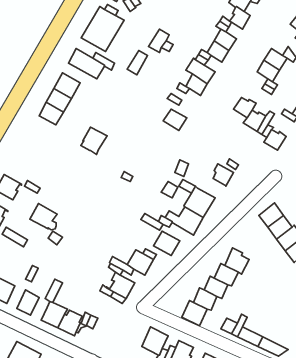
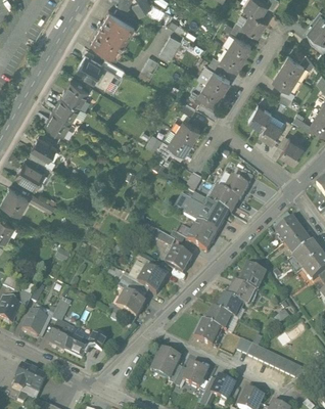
building: none -> [156,131,192,156]
building: [81,127,107,154] -> [29,136,56,165]
building: none -> [212,187,240,213]
building: [30,203,57,230] -> [16,161,45,188]

